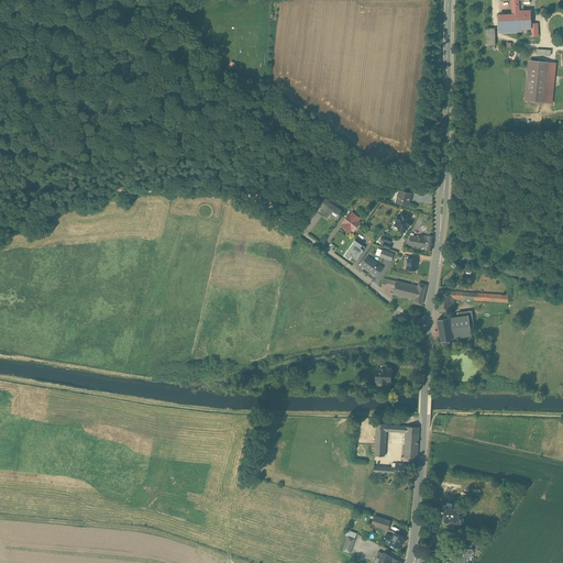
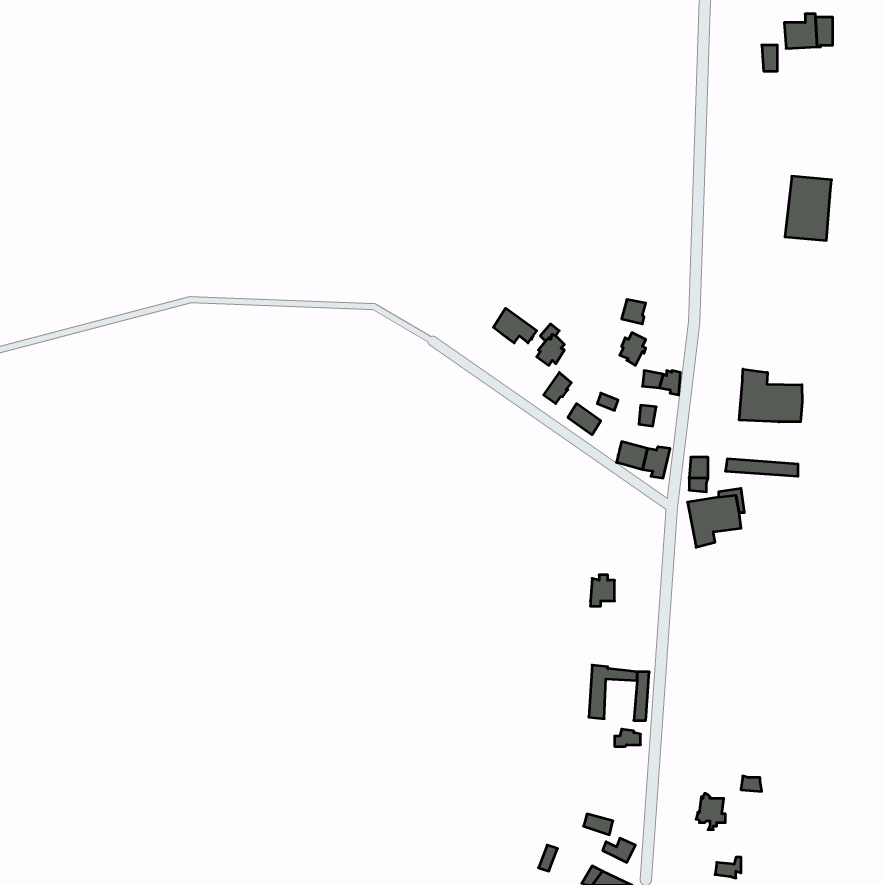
building: [525,62,554,102] -> [785,176,832,240]
building: none -> [739,369,802,422]

